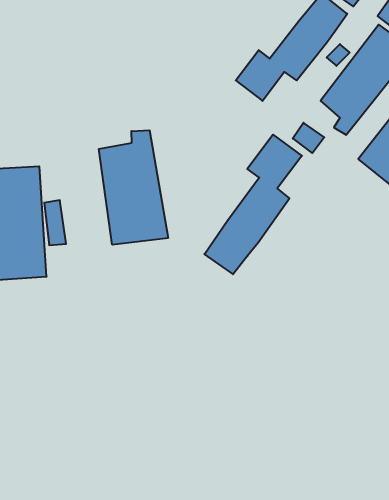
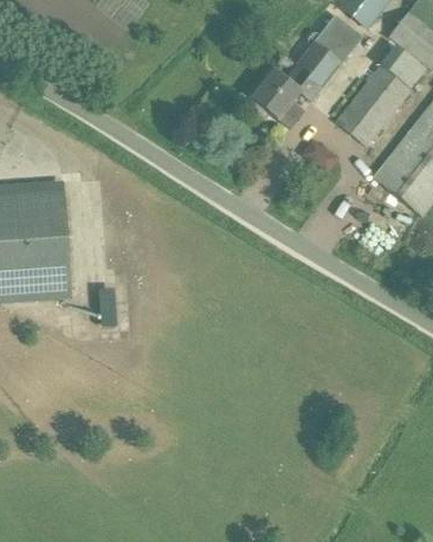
building: [99,130,168,245] -> none
building: [204,135,302,274] -> none

